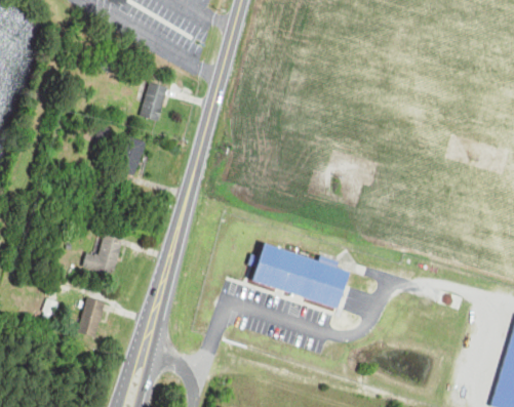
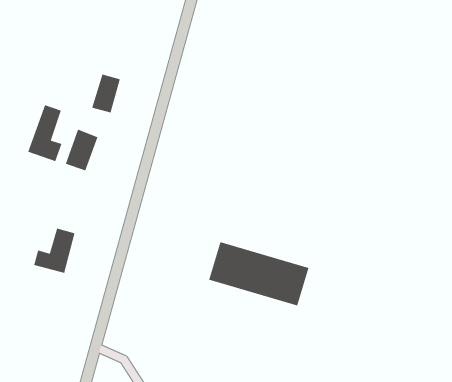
building: none -> [27,104,62,162]
building: [77,297,104,337] -> none

